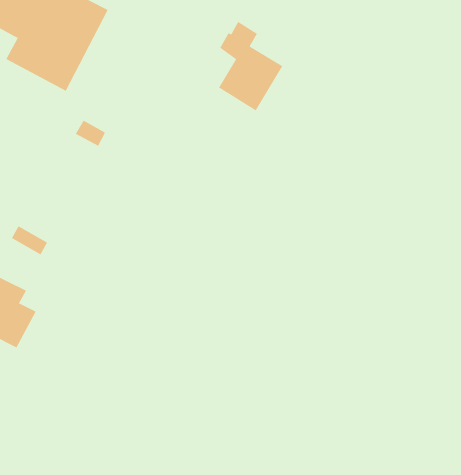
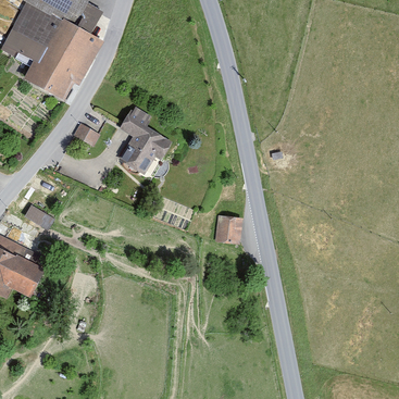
building: [218,21,283,111] -> [121,107,171,176]
building: none -> [217,216,241,242]

